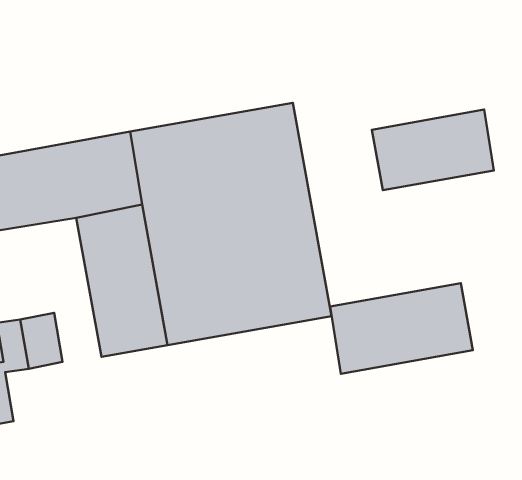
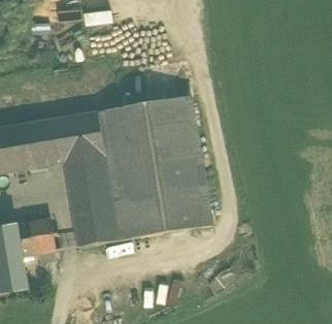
building: [372,109,494,190] -> none
building: [330,283,473,374] -> none

